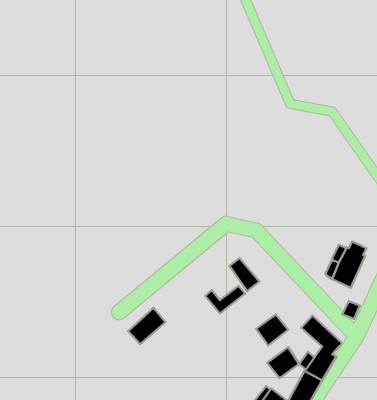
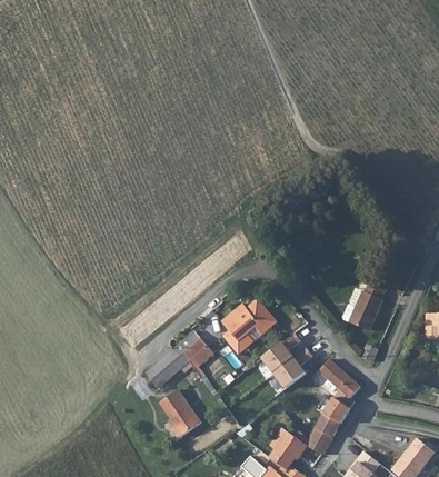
building: none -> [220,309,265,344]
building: none -> [170,334,204,366]
building: none -> [160,390,202,439]
building: [267,347,299,378] -> [261,341,293,372]

